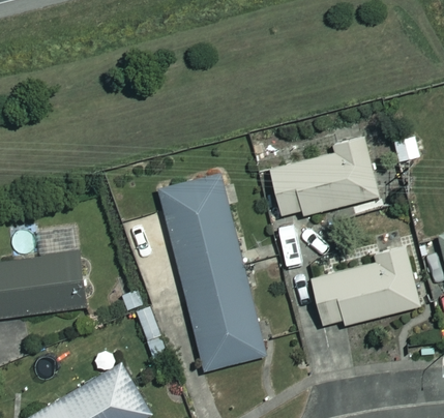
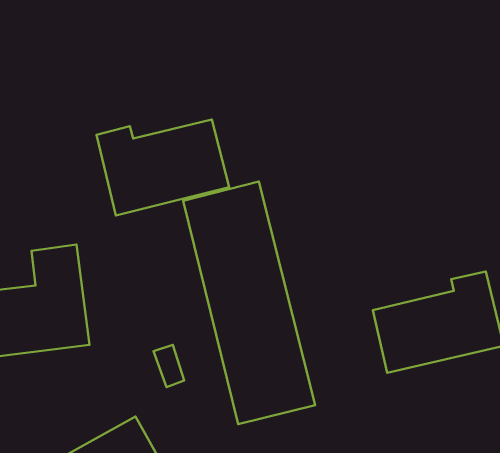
building: none -> [96,120,229,215]
building: [270,135,379,220] -> none

